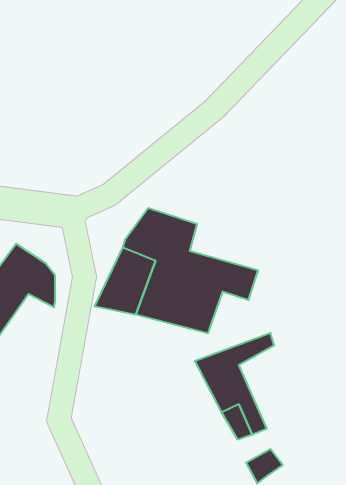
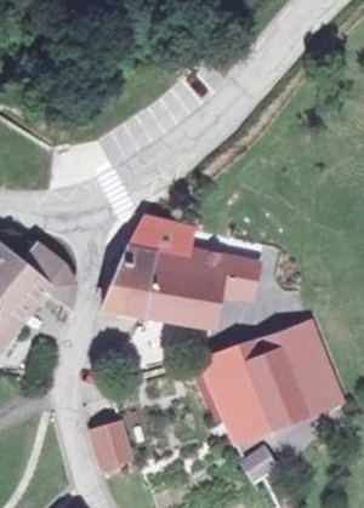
building: none -> [244,320,345,428]
building: none -> [93,424,140,469]

